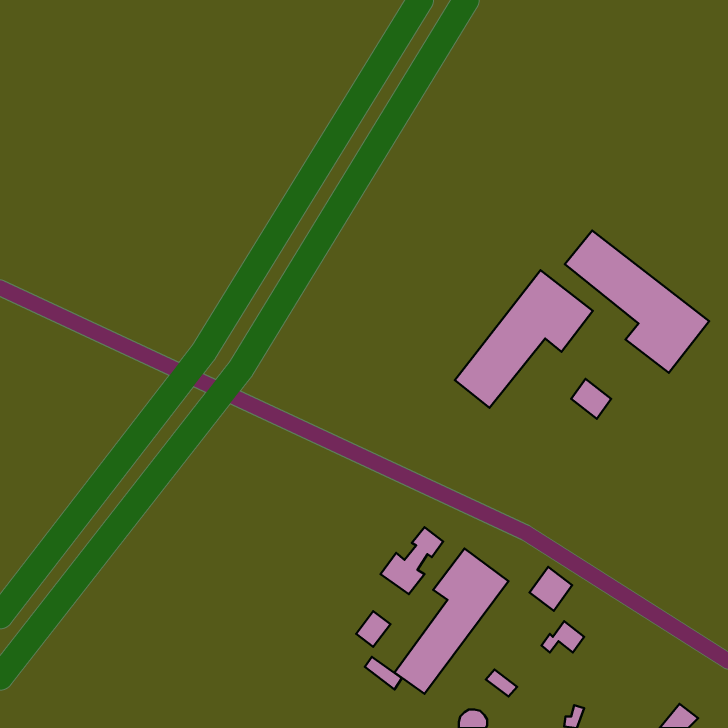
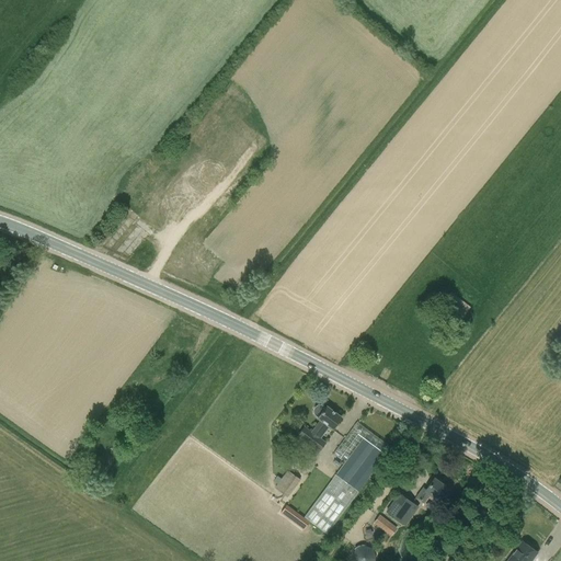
building: [565,230,709,373] -> none
building: [455,270,593,408] -> none
building: [530,567,572,611] -> [386,492,419,526]

